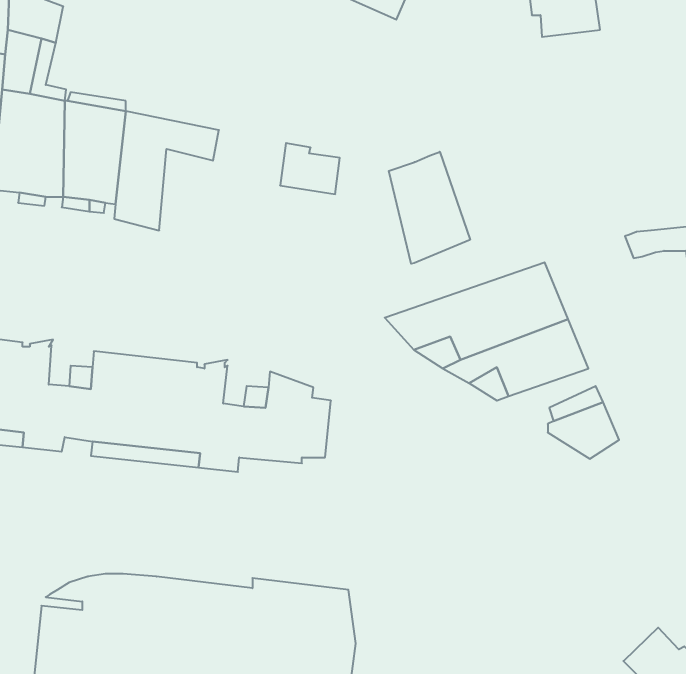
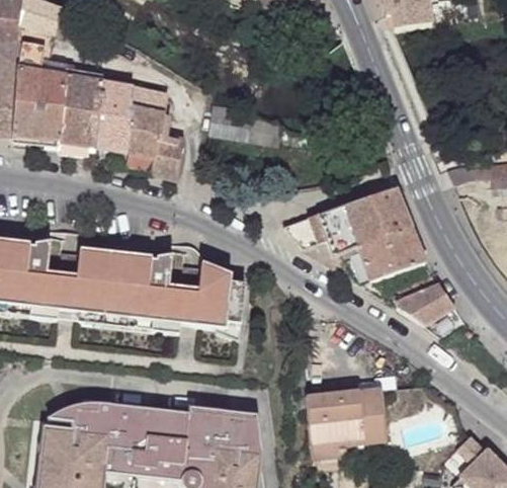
building: none -> [124,106,182,178]
building: [389,152,470,264] -> none
building: none -> [308,387,387,456]

